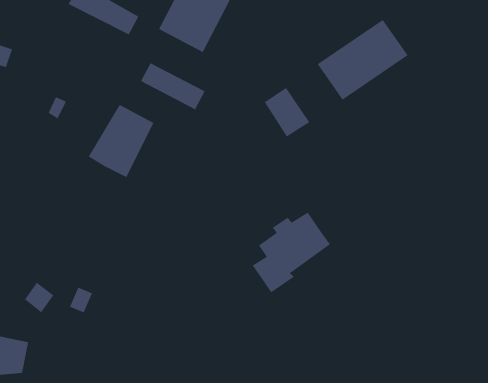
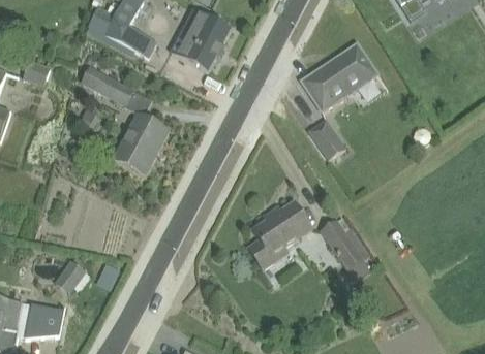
building: [140,63,205,110] -> [81,66,134,105]
building: [264,87,310,137] -> [306,119,344,160]
building: none -> [320,219,370,277]

